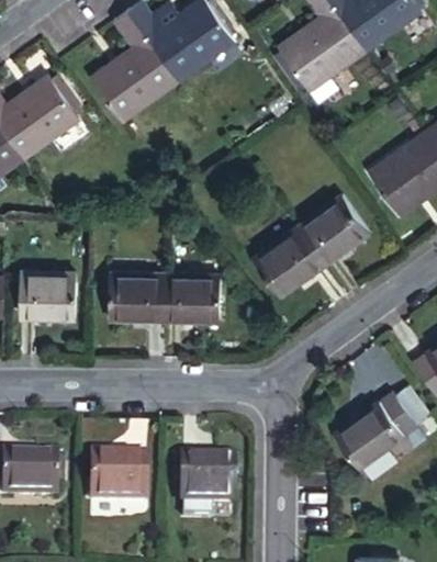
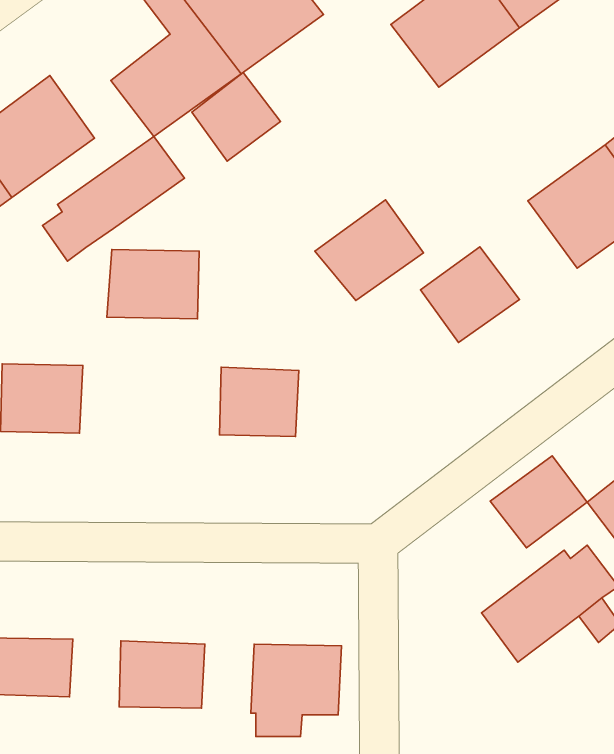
building: none -> [192,72,280,161]
building: none -> [42,136,184,261]
building: [250,223,323,290] -> [315,200,424,301]
building: [103,273,165,319] -> [107,250,199,319]
building: none -> [490,456,587,548]

